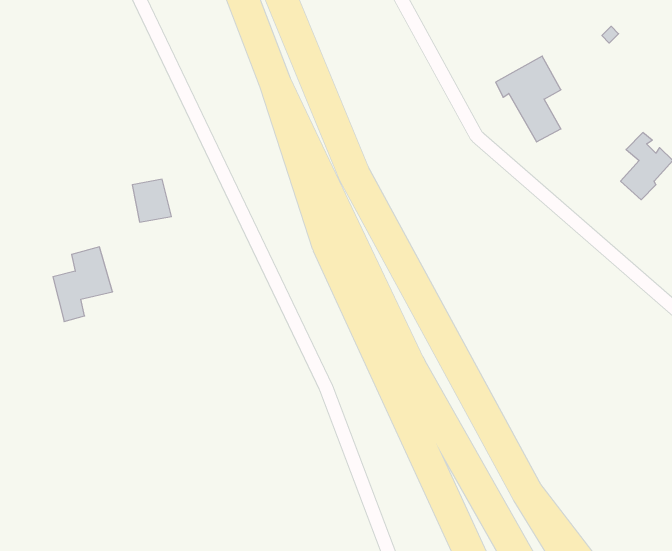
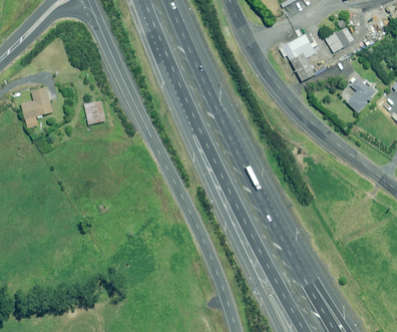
building: none -> [325,26,354,52]
building: [53,247,113,322] -> [21,87,53,127]

